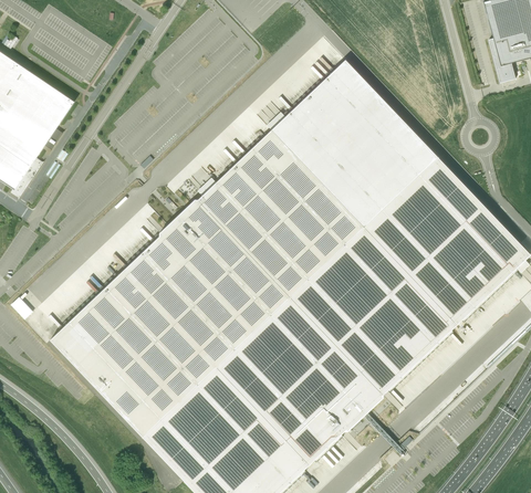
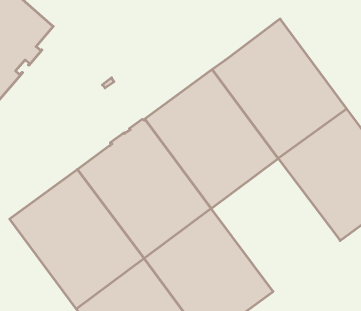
building: [290,229,449,389] -> none

